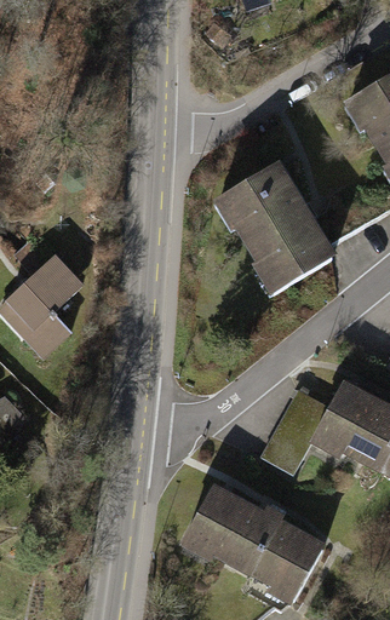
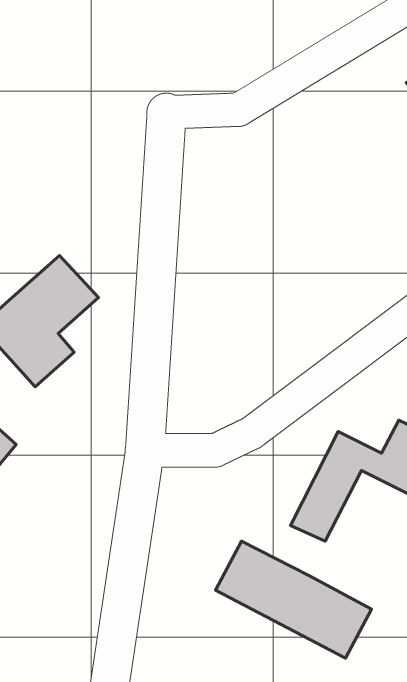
building: [203,167,328,306] -> none

